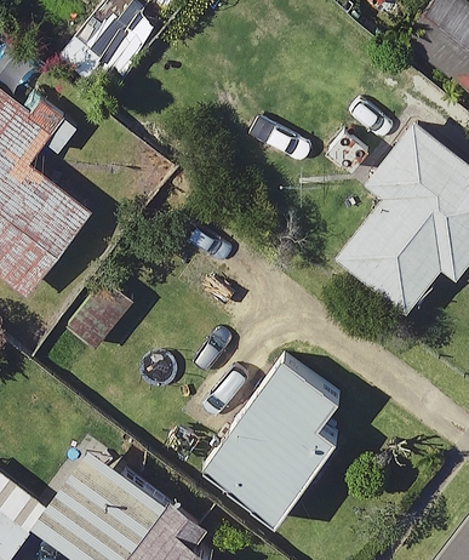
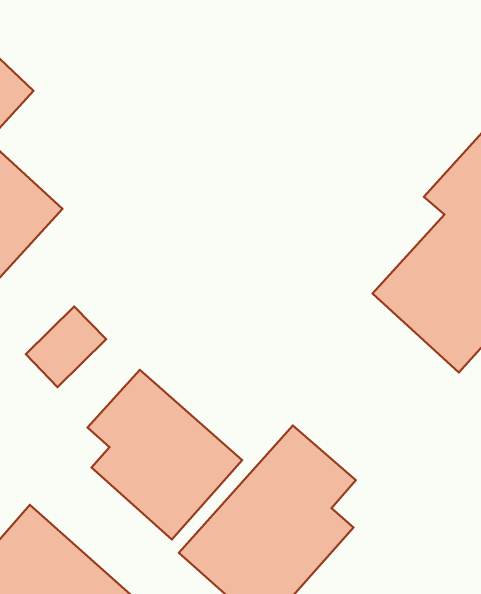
building: none -> [88,370,242,539]

